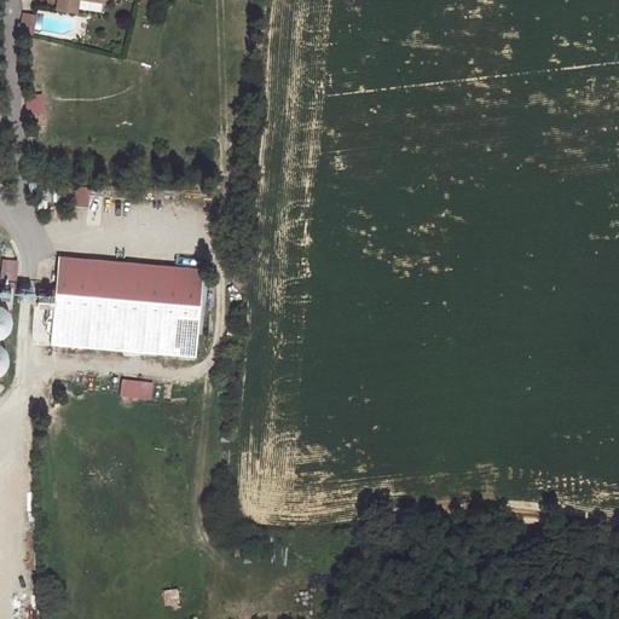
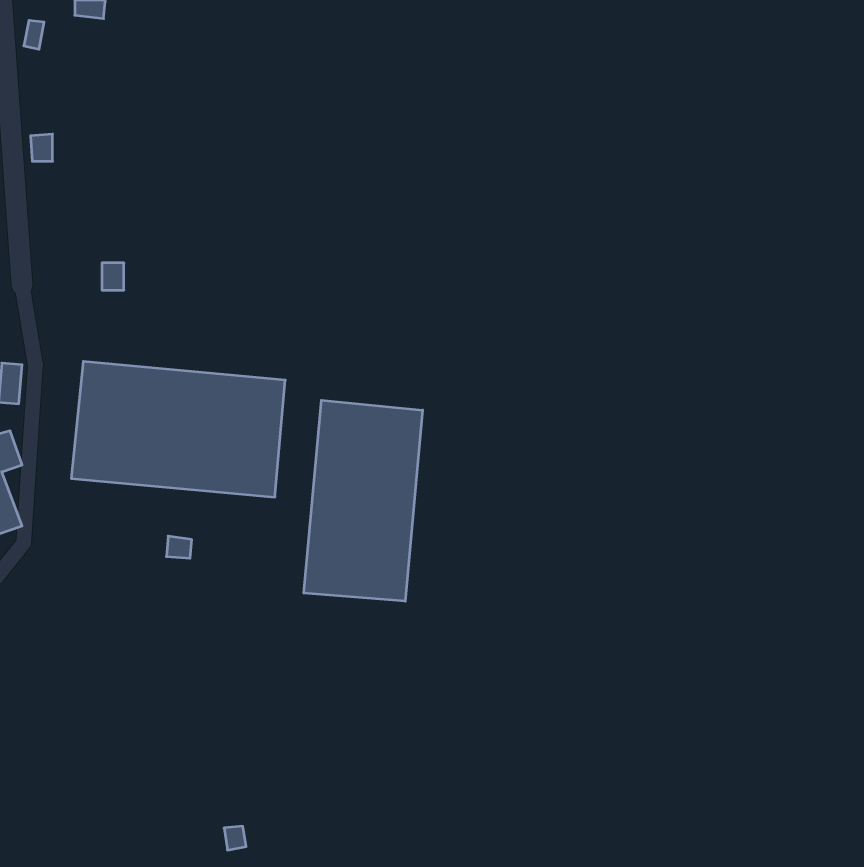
building: none -> [304,400,423,601]

